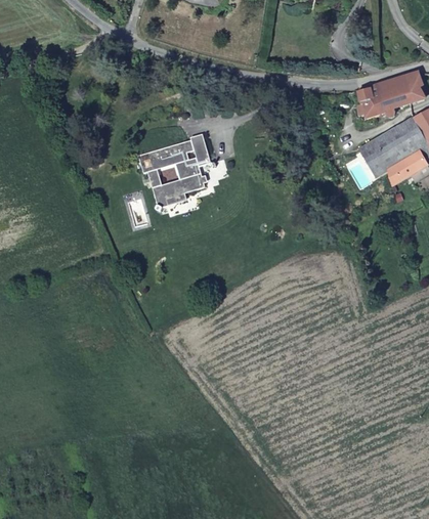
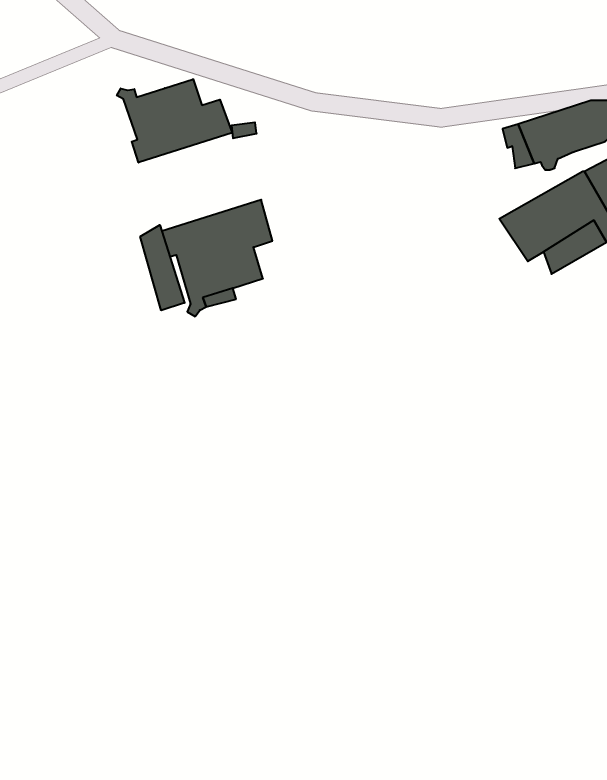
building: none -> [117,79,232,163]
building: none -> [140,225,185,310]

